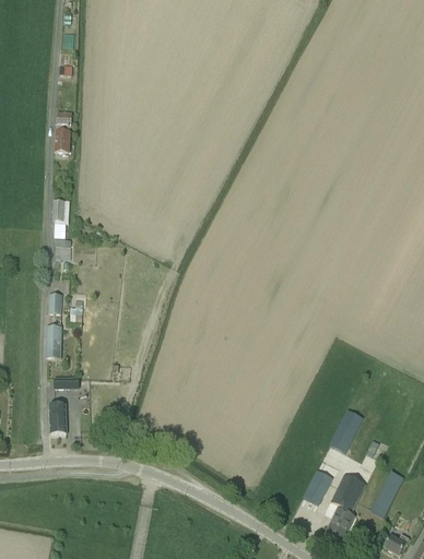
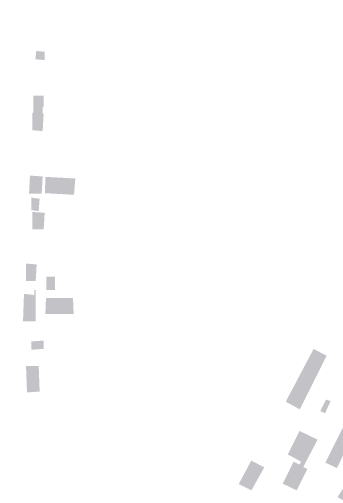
building: none -> [44,176,76,195]
building: none -> [45,297,74,315]
building: [303,469,332,503] -> [238,460,265,491]

